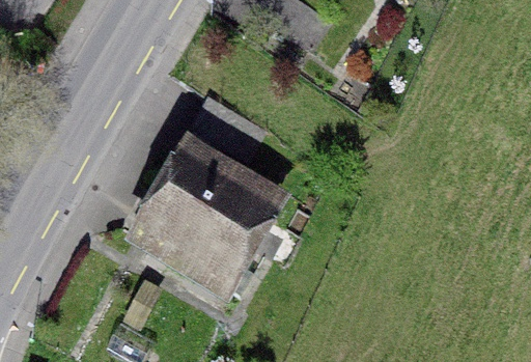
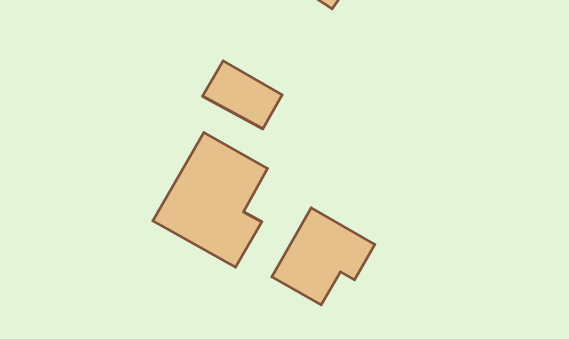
building: none -> [272,208,375,305]

